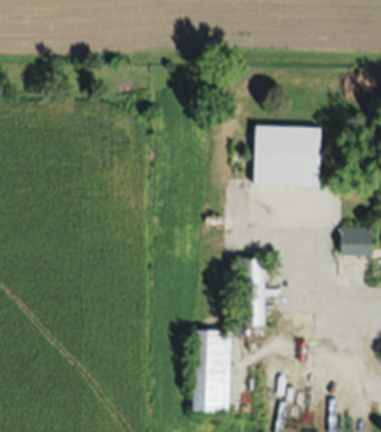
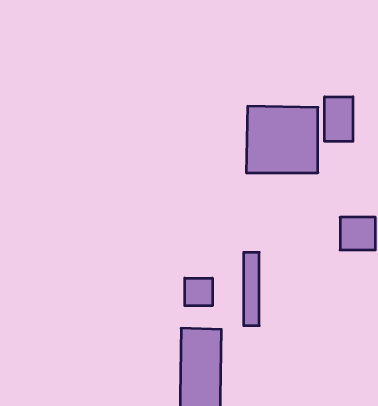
building: none -> [325,97,353,141]
building: none -> [185,278,212,306]

